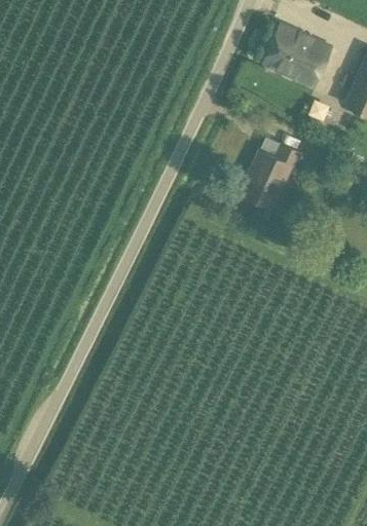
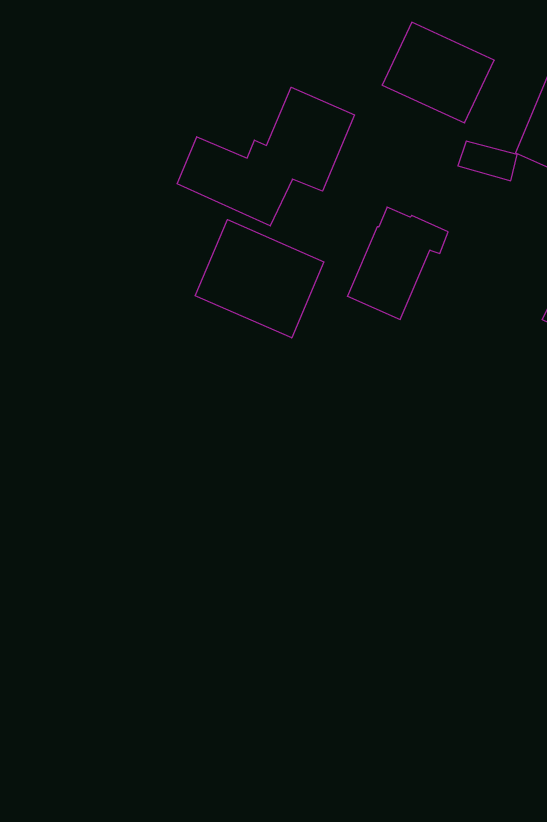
building: none -> [177,87,355,226]
building: none -> [195,220,324,338]

